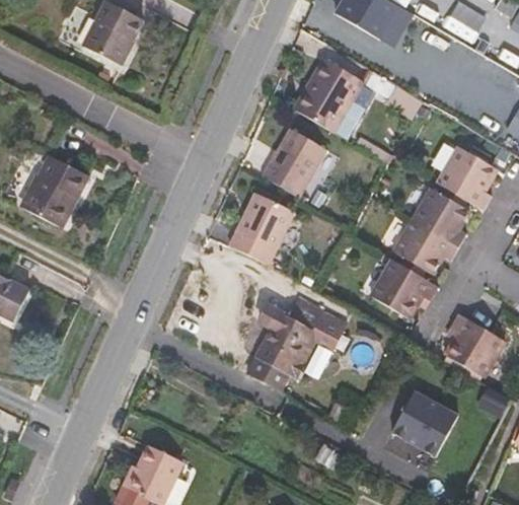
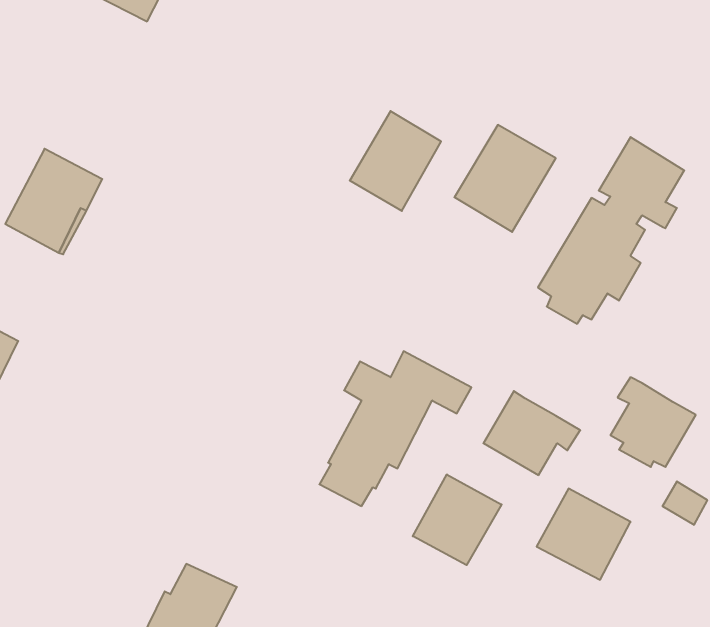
building: [292,58,363,133] -> [454,125,556,232]
building: [227,193,294,268] -> none
building: [370,260,438,318] -> [483,391,580,475]
building: none -> [413,474,502,565]

